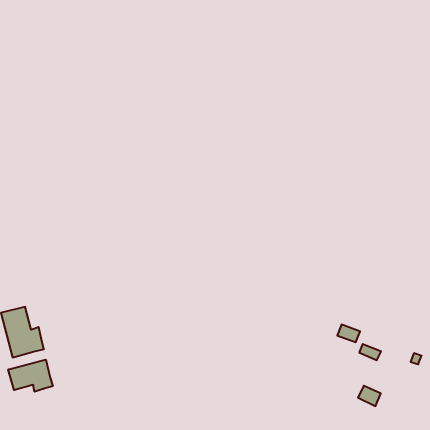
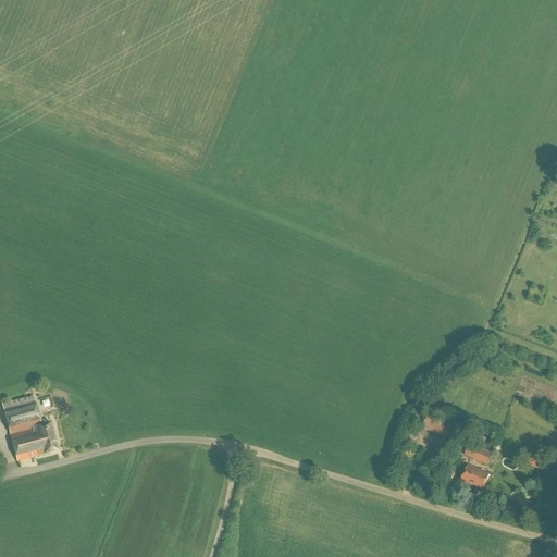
building: [8,360,53,392] -> none
building: [358,386,381,406] -> [459,465,488,491]

